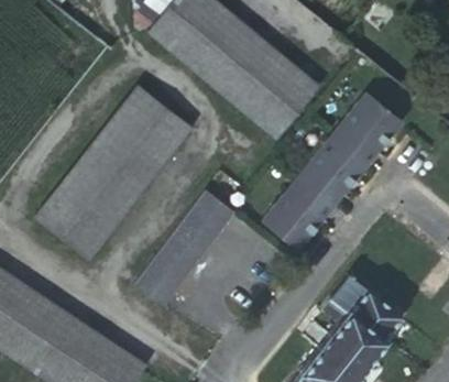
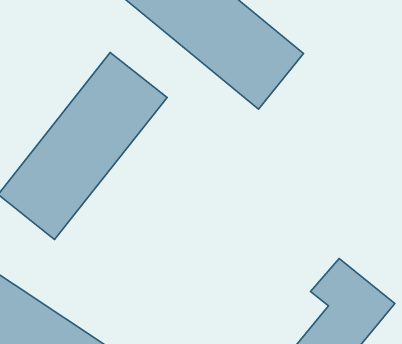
building: [263,97,399,251] -> none
building: [131,195,231,309] -> none

